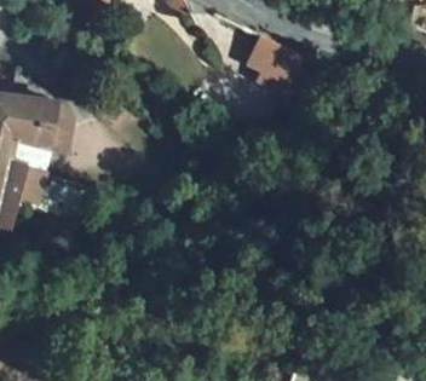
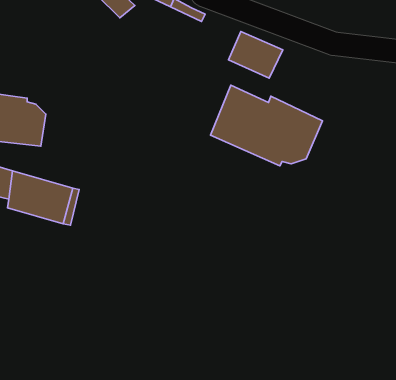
building: none -> [210,85,322,166]

